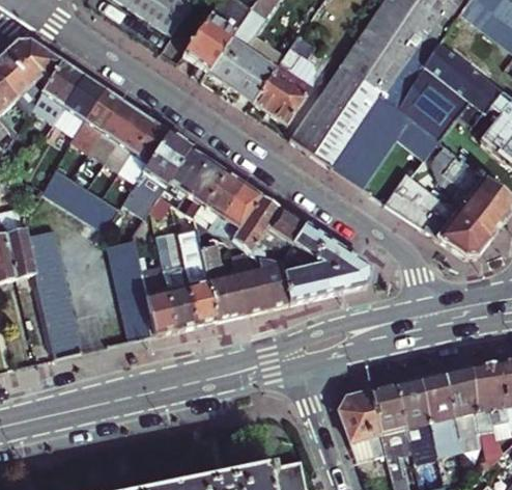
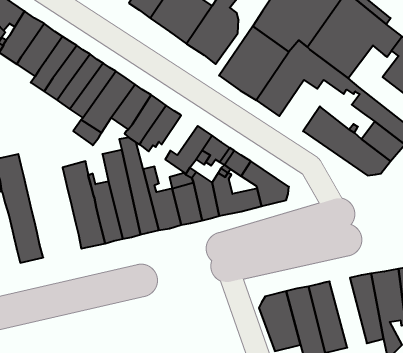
building: [39,166,116,226] -> none
building: [206,184,264,236] -> none
building: [419,375,462,457] -> none

